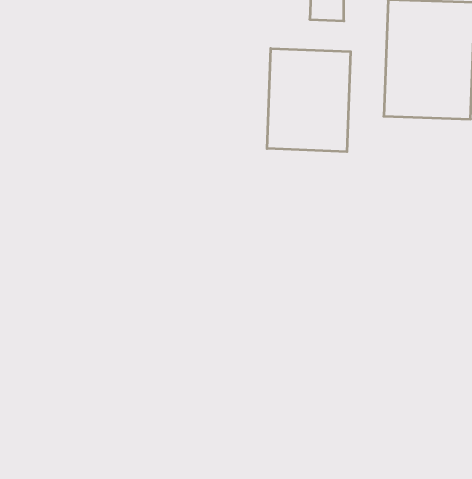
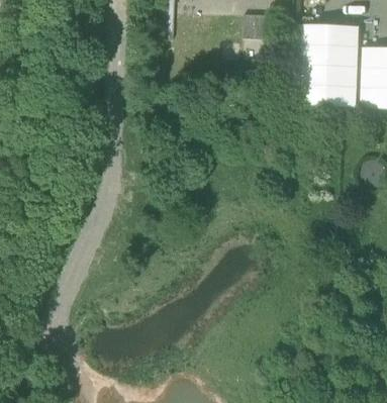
building: [267,48,351,152] -> none

